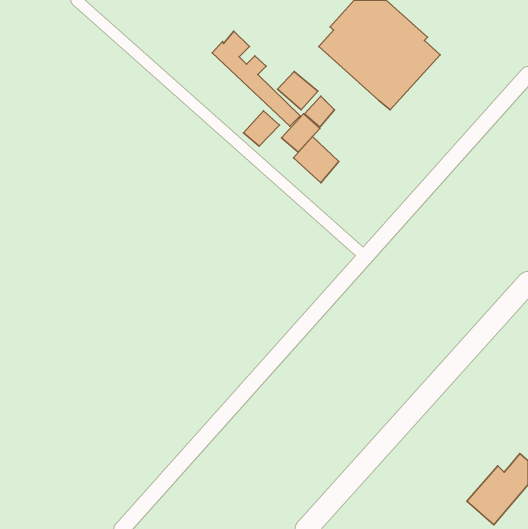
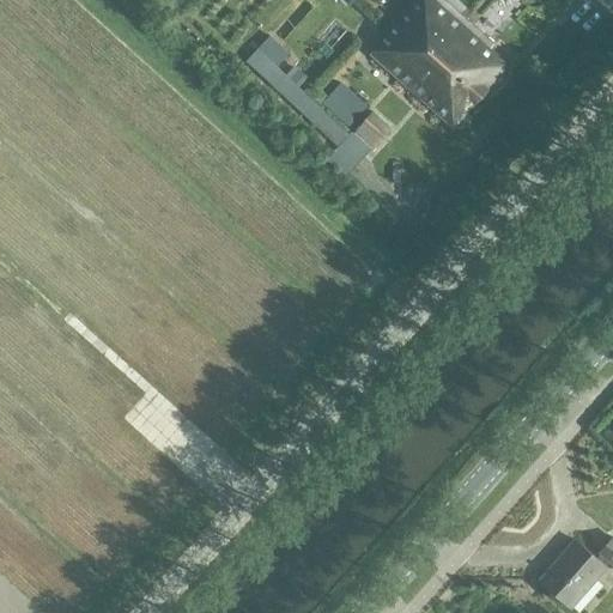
building: [244,111,279,146] -> none
building: [293,136,339,183] -> none

